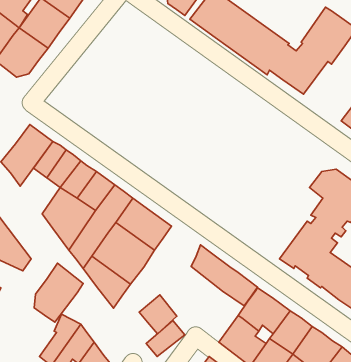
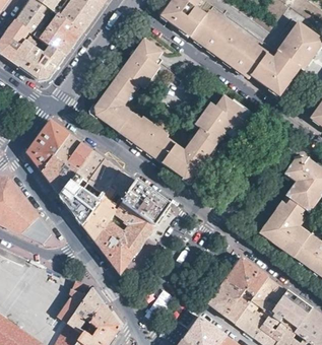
building: none -> [91,38,255,181]
building: none -> [42,156,75,195]
building: [191,245,258,306] -> none
building: [34,263,83,322] -> none
building: [139,295,177,334] -> none

